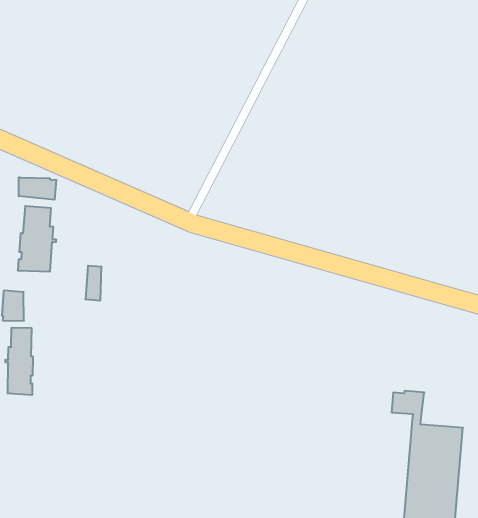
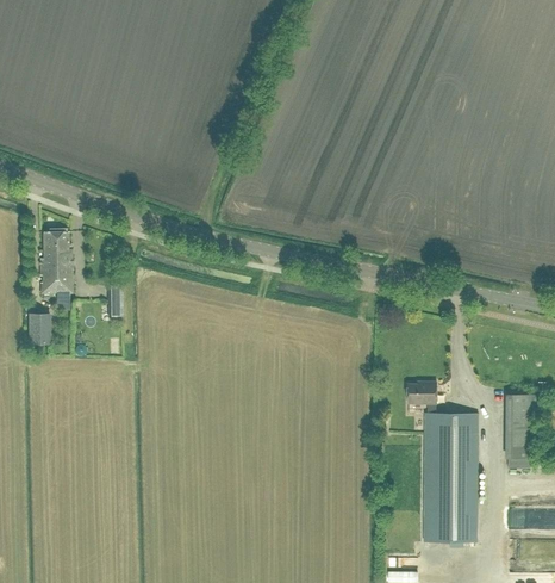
building: [19,177,56,200] -> none
building: [5,328,33,395] -> none

